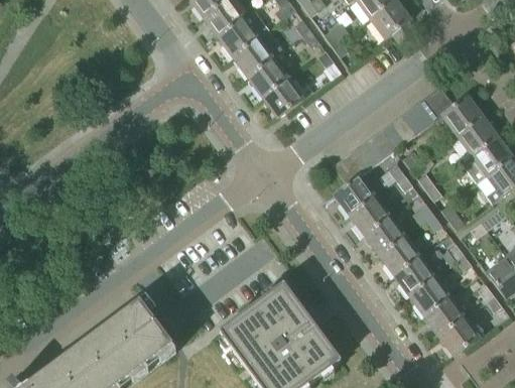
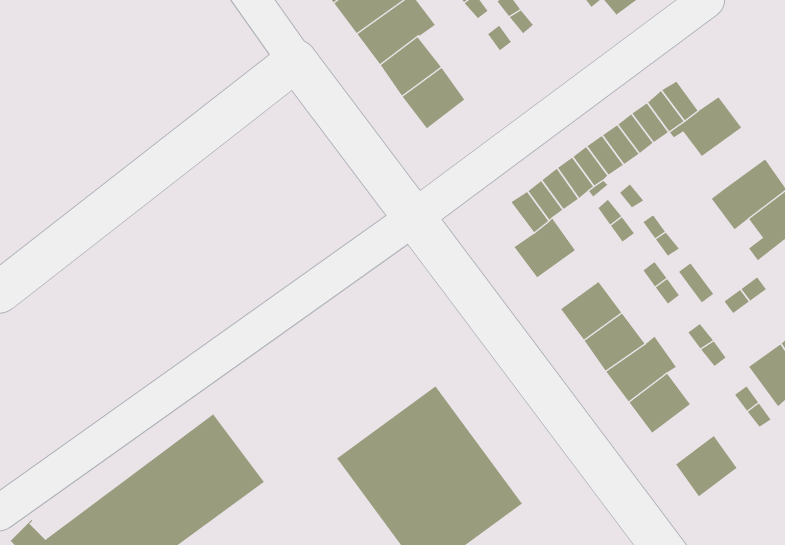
building: [456,116,497,155] -> none
building: [349,196,389,234] -> none
building: [423,295,464,335] -> none

